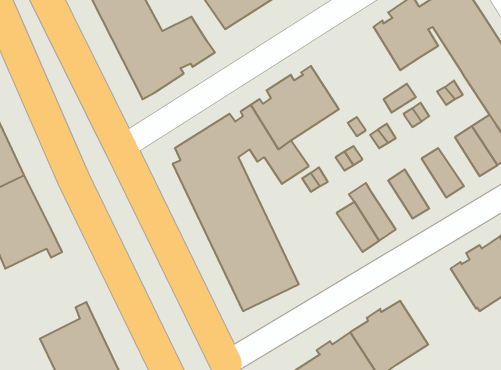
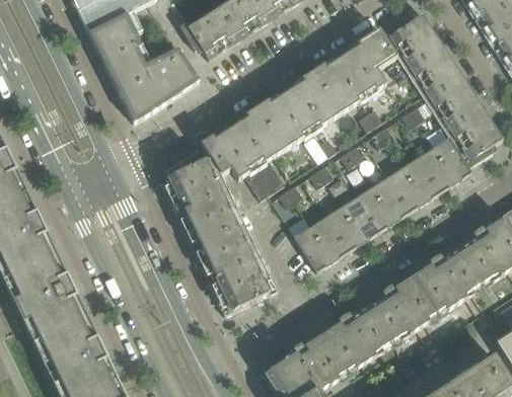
building: none -> [287,56,368,131]
building: none -> [403,156,440,201]
building: none -> [372,175,410,221]
building: none -> [342,195,379,240]
building: none -> [294,225,334,270]
building: none -> [9,257,83,339]
building: none -> [368,275,440,344]

